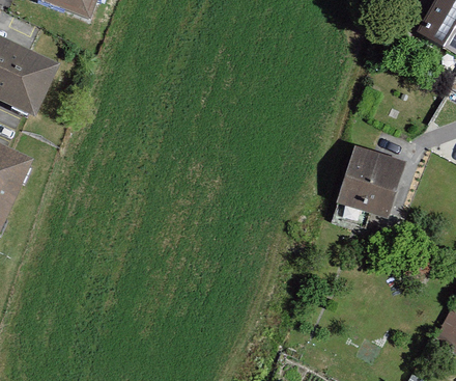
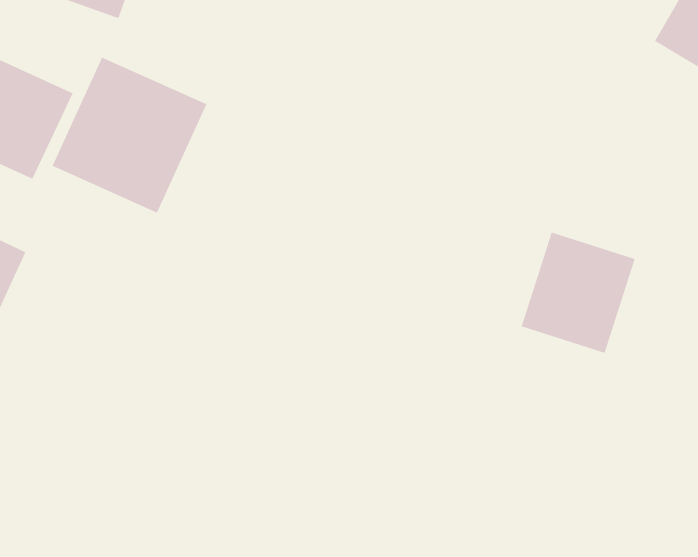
building: none -> [52,57,207,213]

